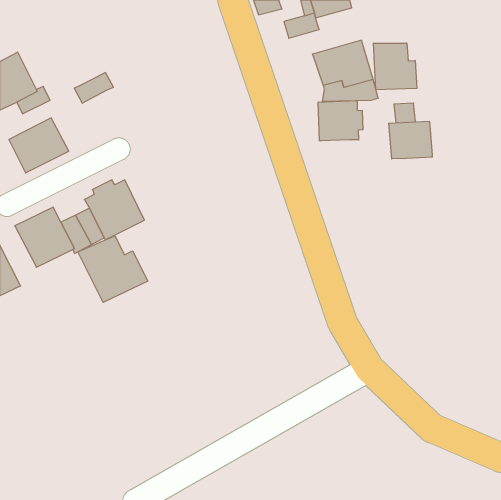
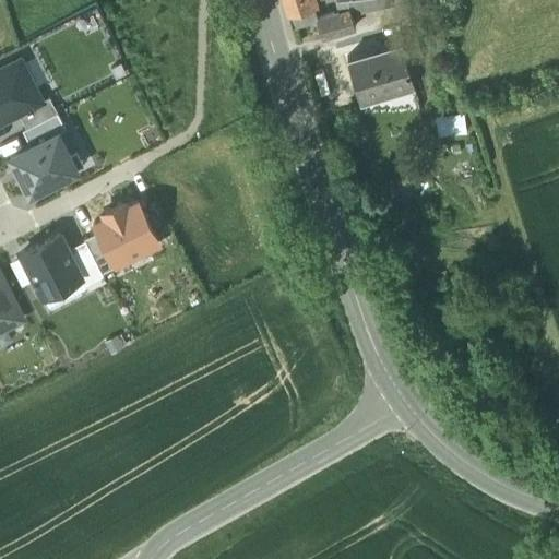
building: [374,43,417,90] -> none
building: [74,73,113,103] -> [21,114,64,147]
building: [318,100,363,141] -> none
building: [389,121,432,159] -> none
building: [78,236,148,302] -> none

